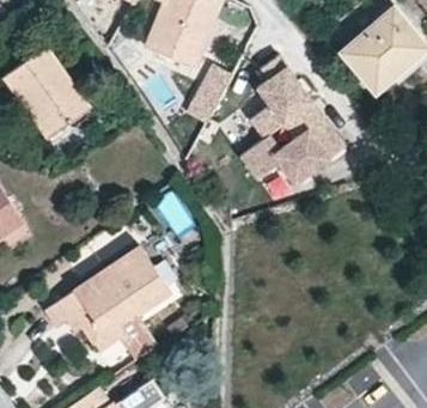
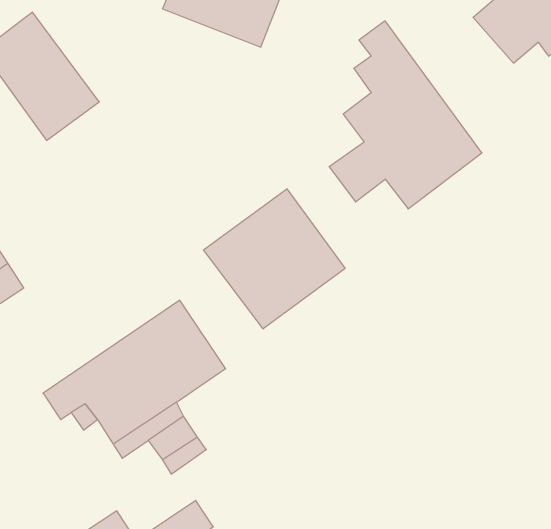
building: [185,65,233,122] -> none
building: none -> [204,189,345,329]

